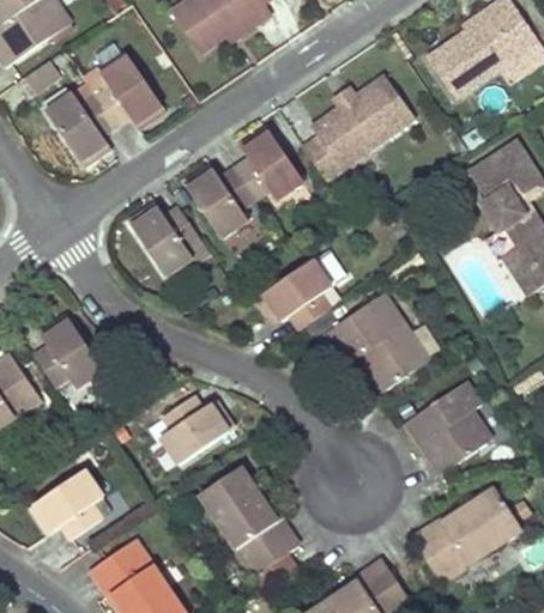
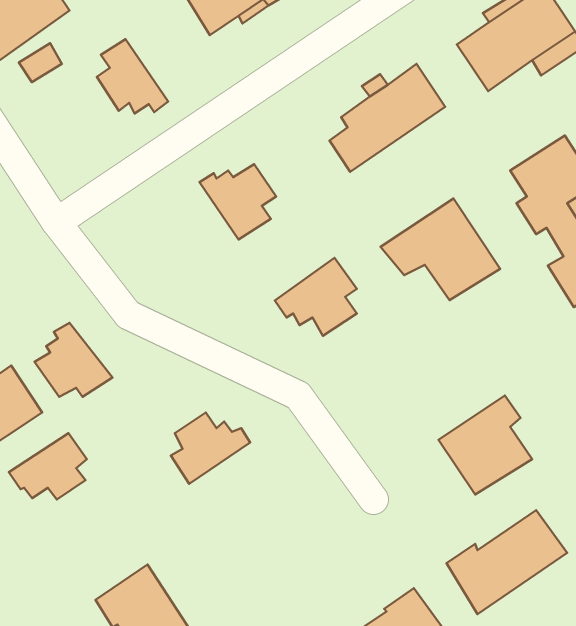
building: [43,87,111,160] -> none
building: [236,129,304,204] -> none
building: [129,210,198,277] -> none
building: [319,293,429,387] -> [381,199,500,300]
building: [200,466,298,588] -> none
building: [30,469,102,530] -> [9,433,87,500]

